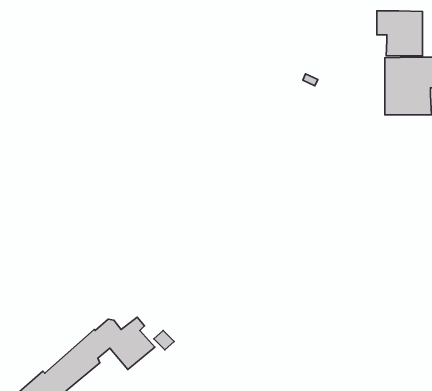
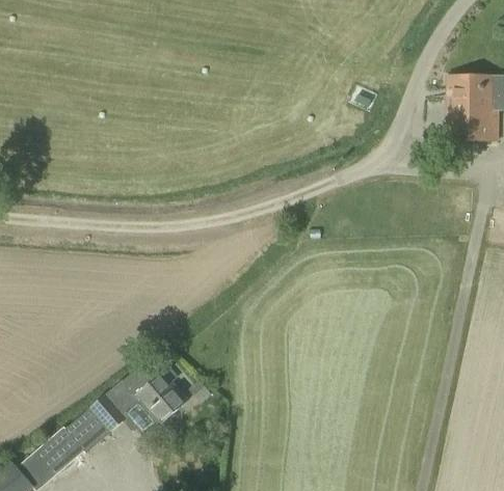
building: [377,11,423,56] -> none

